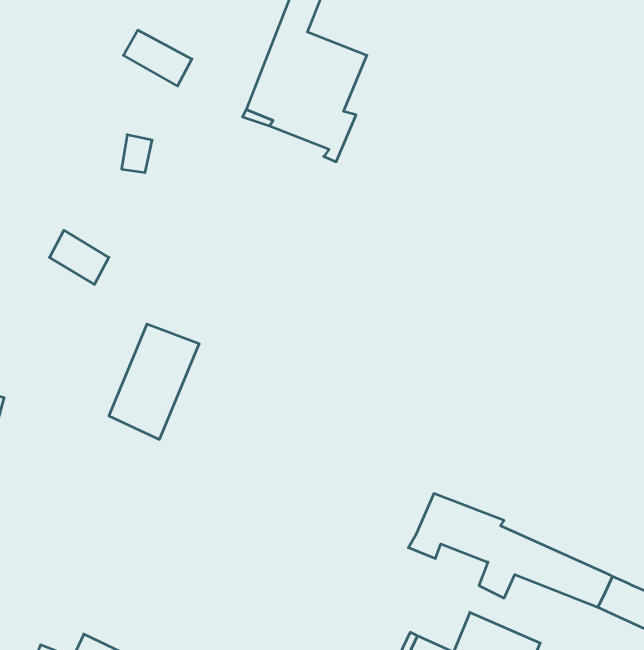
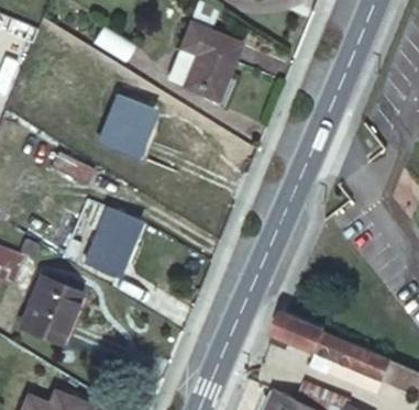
building: none -> [99,97,154,157]
building: none -> [33,280,82,343]

